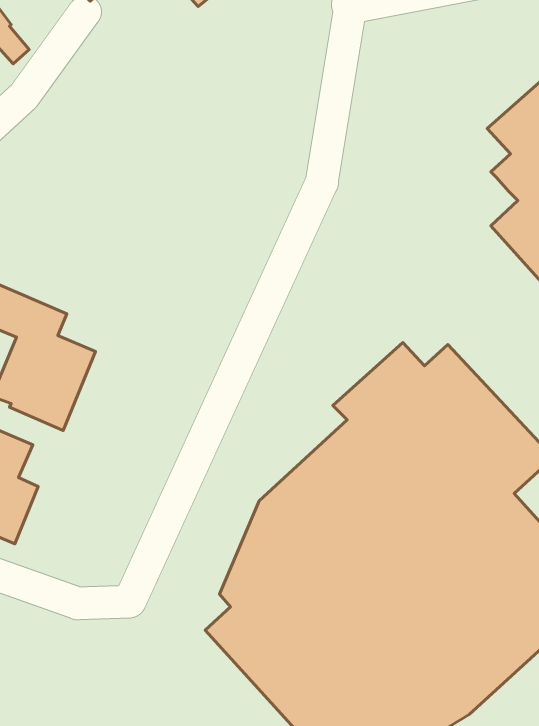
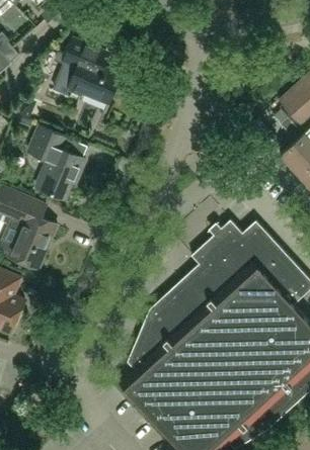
building: none -> [53,38,121,105]
building: none -> [24,125,85,199]

